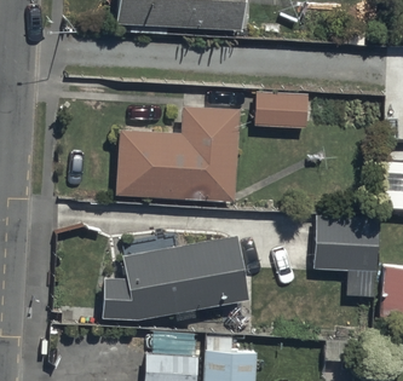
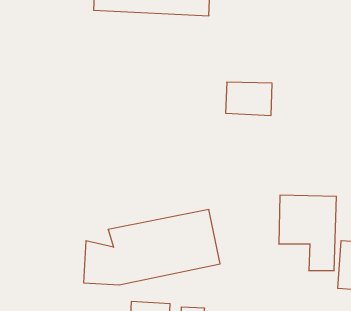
building: [114,105,243,201] -> none

